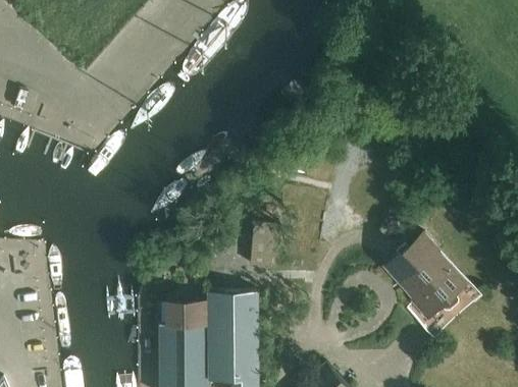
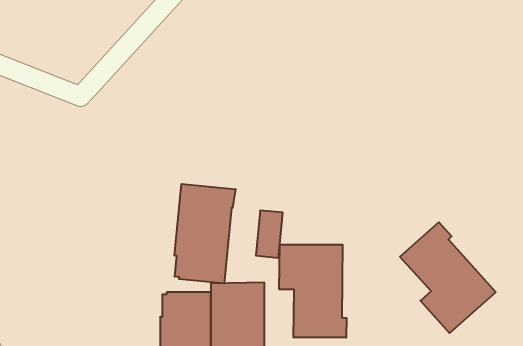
building: none -> [175,184,235,283]
building: none -> [279,245,347,338]

